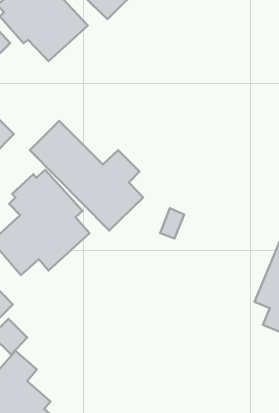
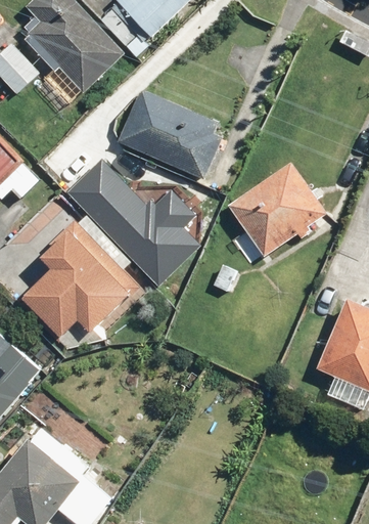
building: none -> [113,92,217,180]
building: none -> [230,160,330,255]

